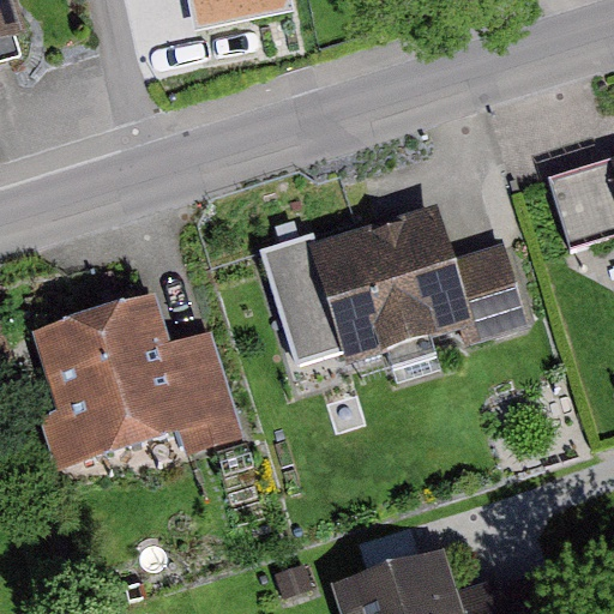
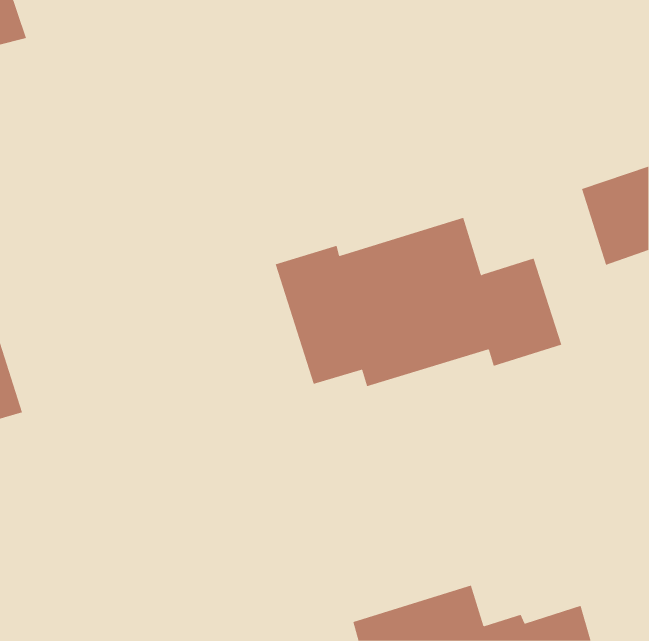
building: [30,293,242,470] -> none

